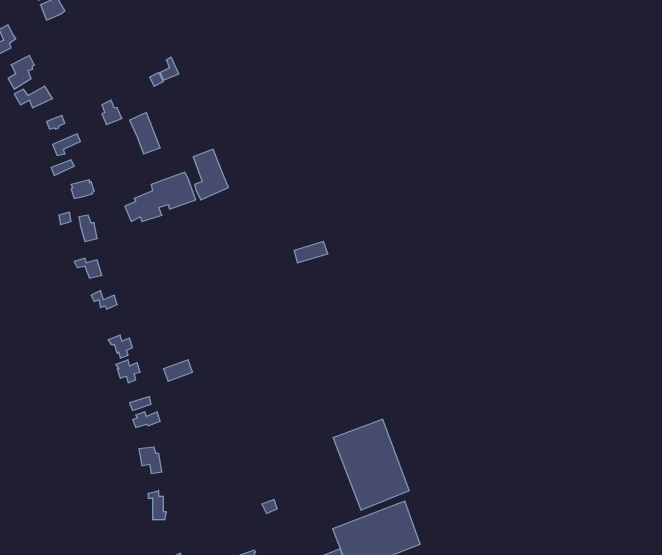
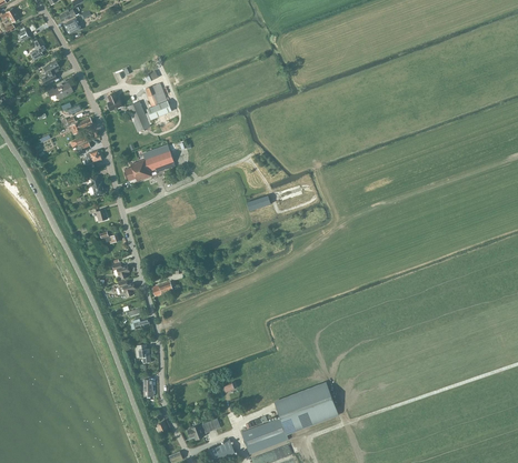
building: [193,149,228,200] -> [146,82,171,119]
building: [333,419,409,510] -> none

